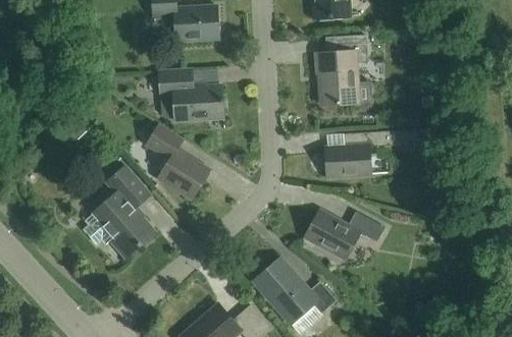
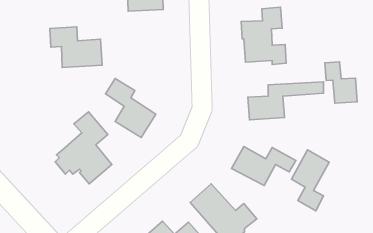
building: [158,69,223,120] -> [50,27,102,68]
building: none -> [325,62,357,103]
building: none -> [291,150,329,211]

